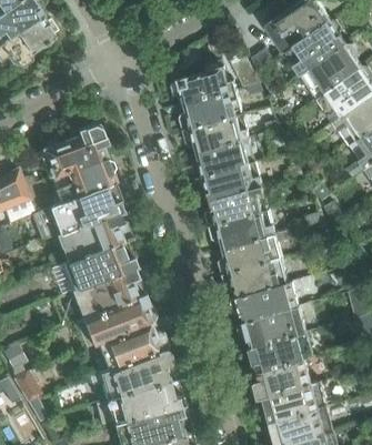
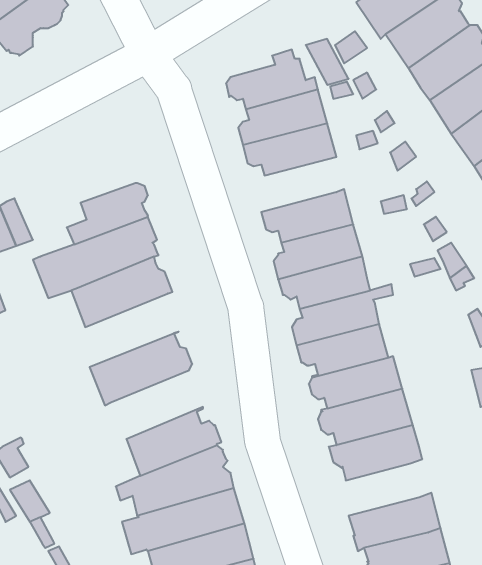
building: [39,123,107,178] -> none
building: [193,139,253,179] -> none
building: [64,237,137,291] -> none
building: [83,293,157,345] -> none
building: [254,361,311,398] -> none

